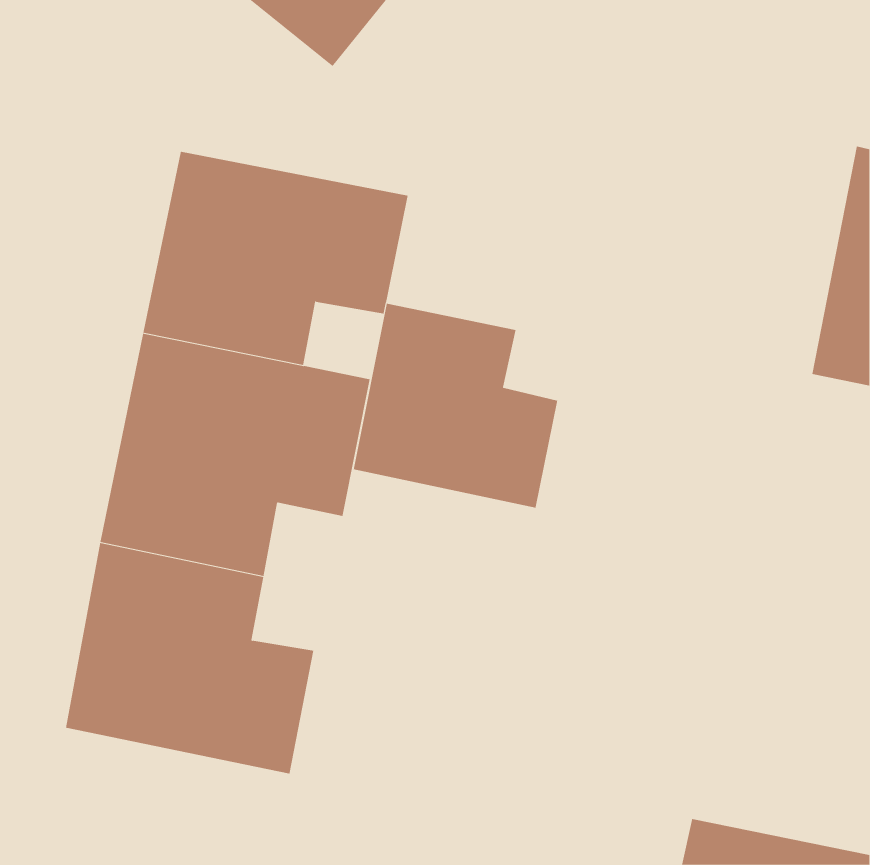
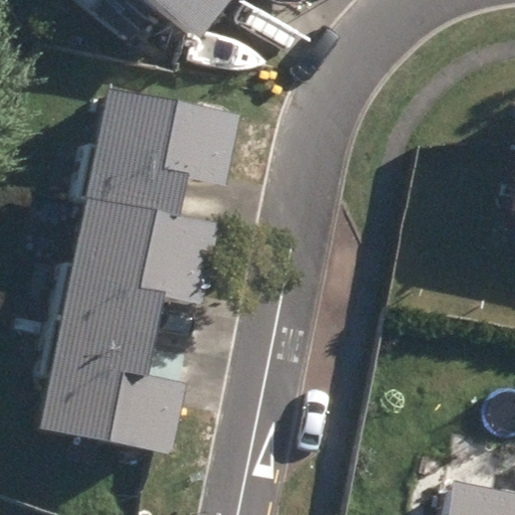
building: [353,303,558,509] -> none

